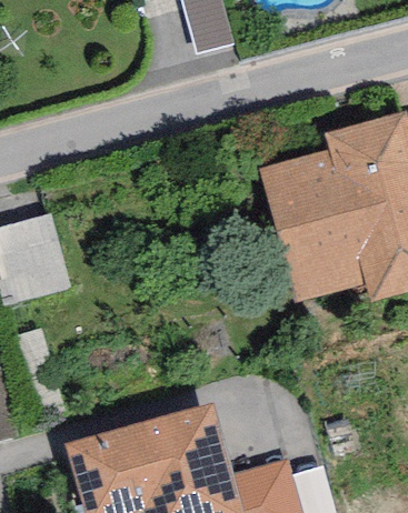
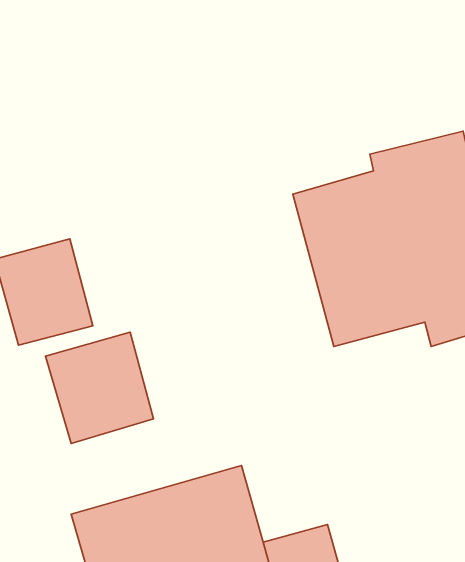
building: none -> [45,332,154,443]

